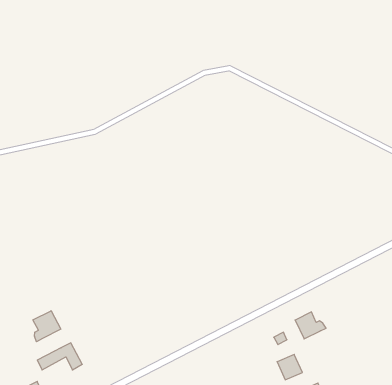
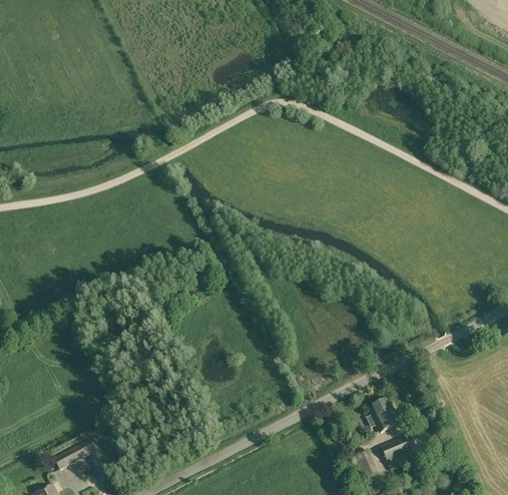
building: [33,311,61,342] -> none
building: none -> [378,433,417,469]

